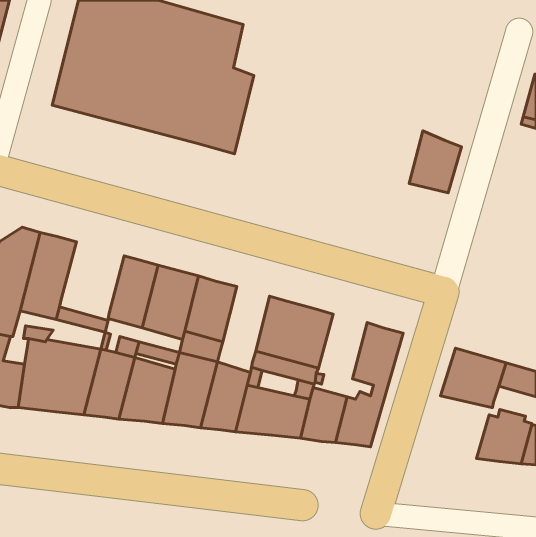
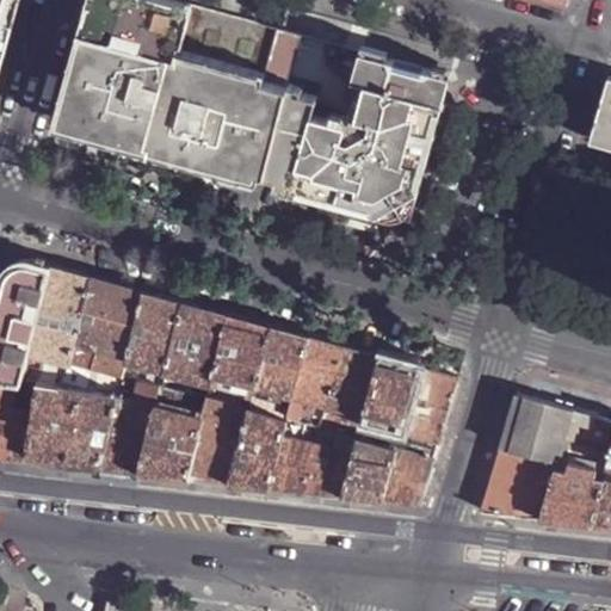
building: none -> [263,33,449,224]
building: [409,131,461,193] -> none
building: none -> [69,278,140,358]
building: none -> [251,328,303,401]
building: none -> [358,359,413,432]
building: none -> [477,451,553,521]

